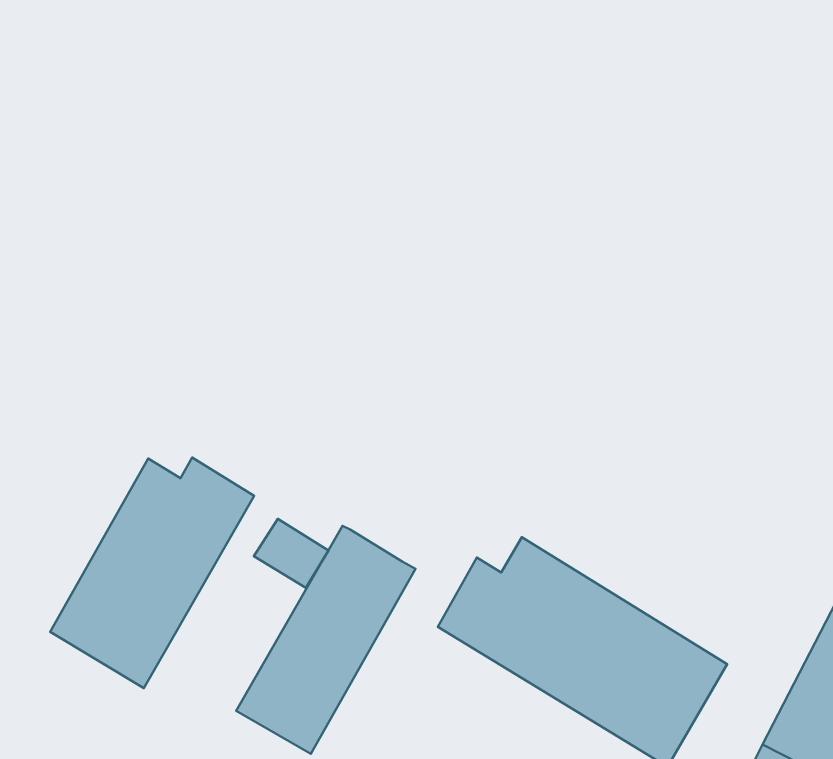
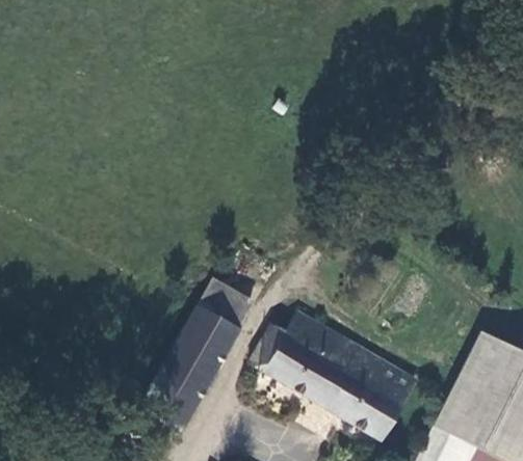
building: [50,458,254,688] -> none
building: [254,519,328,588] -> [204,287,245,325]

